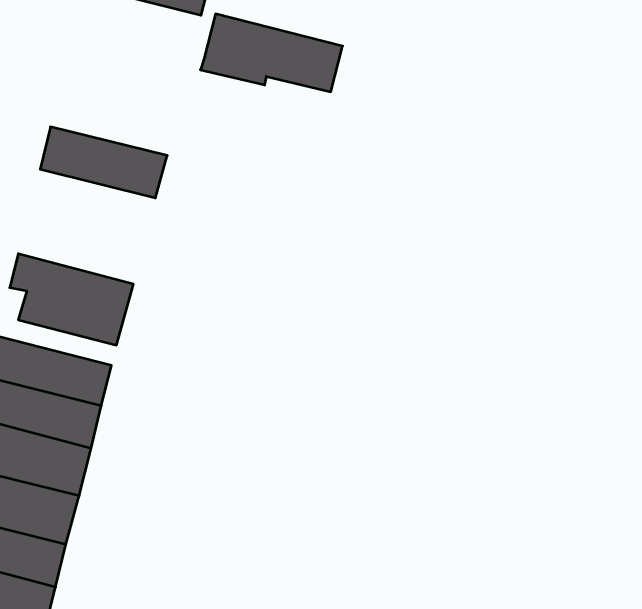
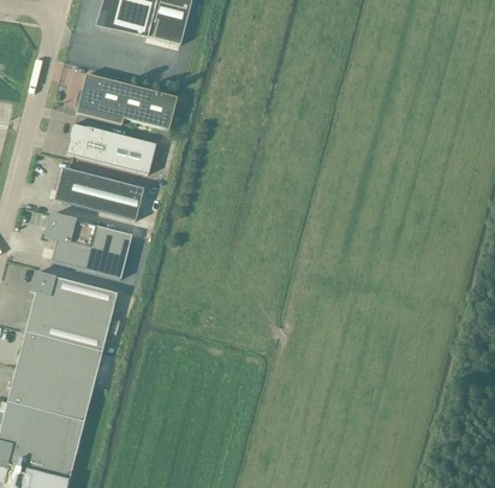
building: [200,14,343,92] -> [76,73,177,129]
building: none -> [54,166,144,220]

